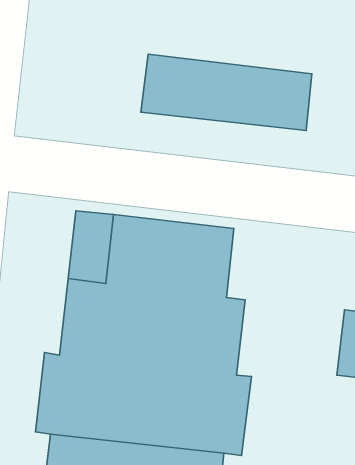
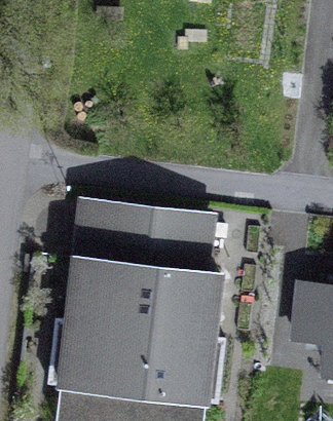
building: [141,54,312,131] -> none

